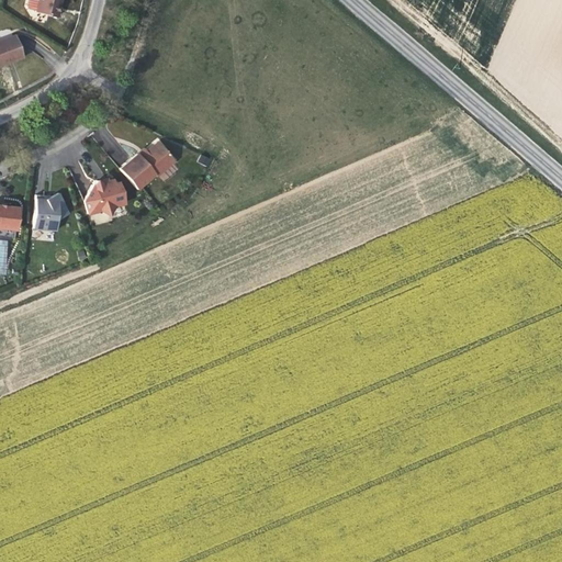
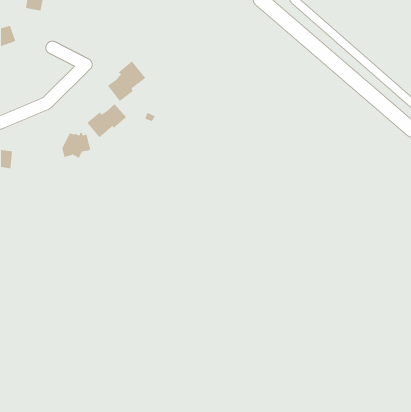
building: none -> [107,61,146,102]
building: [34,192,70,232] -> none

